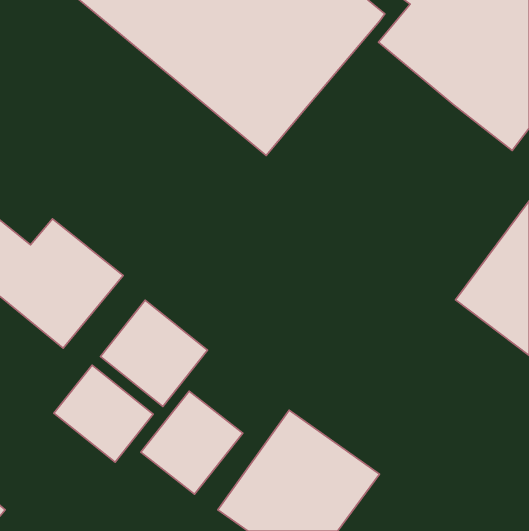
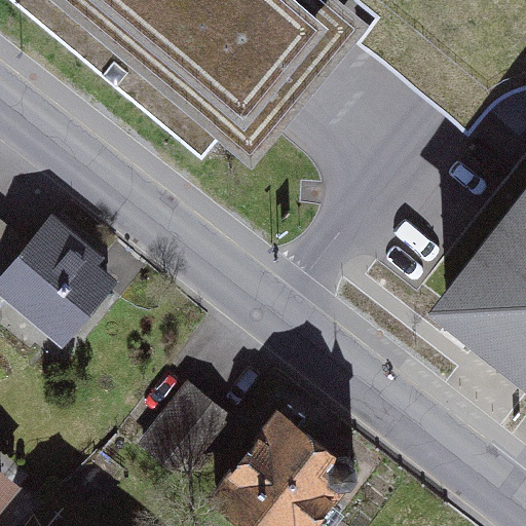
building: [100,300,208,406] -> none
building: [54,365,153,462] -> none

